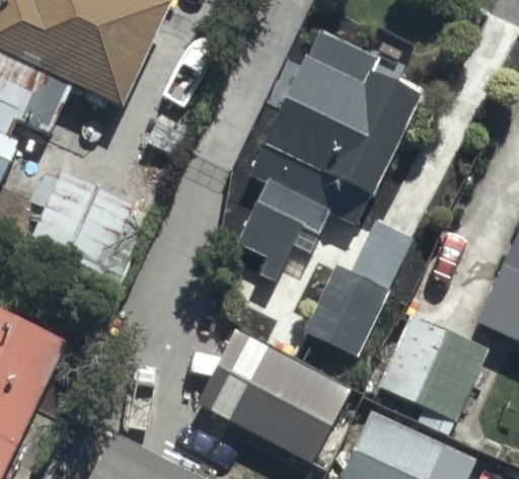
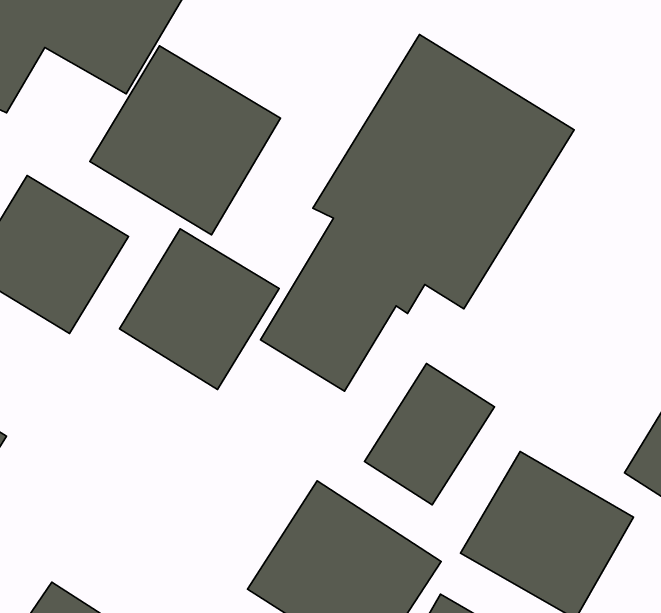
building: none -> [90,46,281,235]
building: none -> [120,229,279,389]

